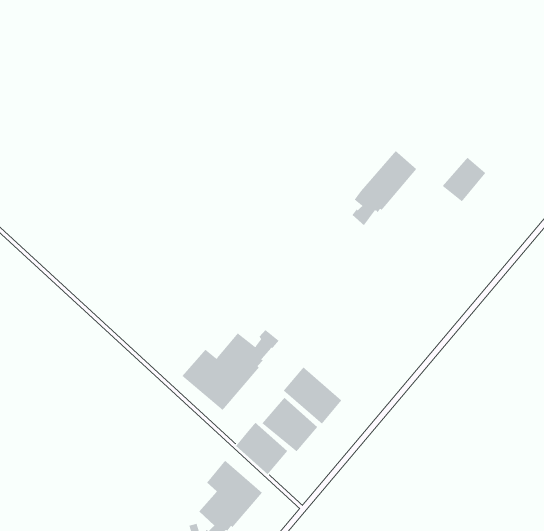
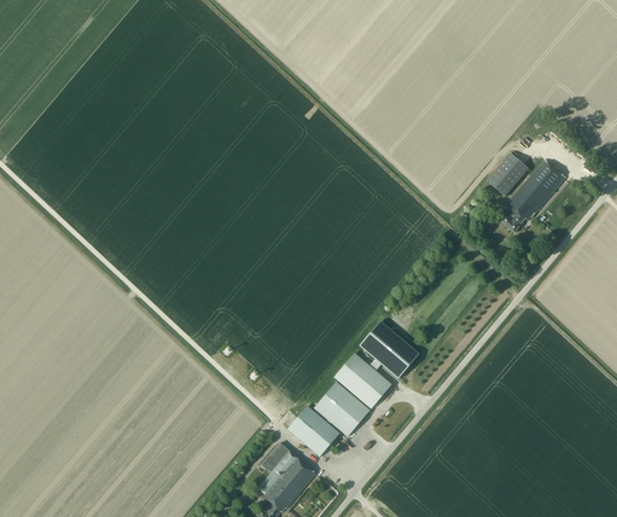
building: [351,150,417,226] -> [502,159,565,232]
building: [182,329,280,411] -> none
building: none -> [360,320,420,378]

